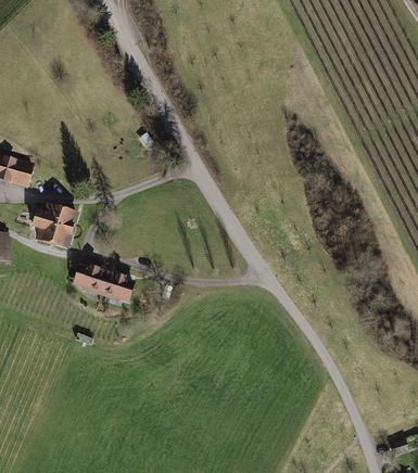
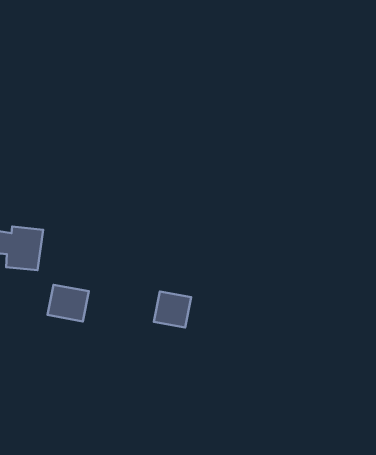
building: [101,270,136,304] -> [154,292,191,328]

